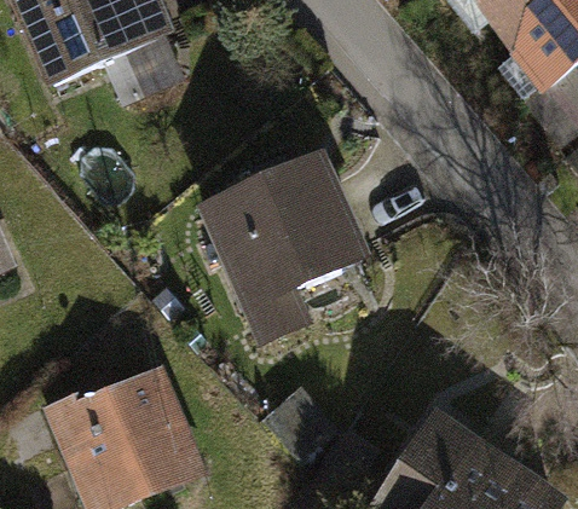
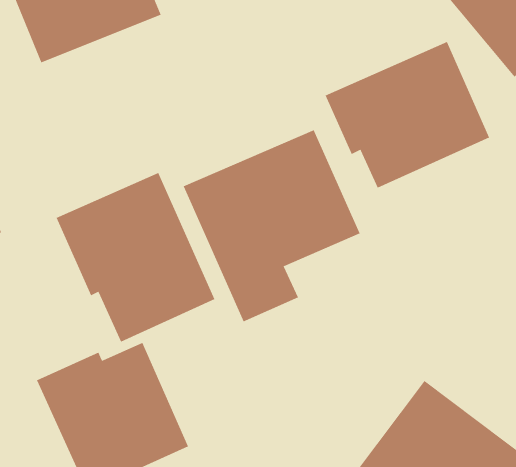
building: none -> [325,41,490,188]
building: none -> [56,172,215,343]

